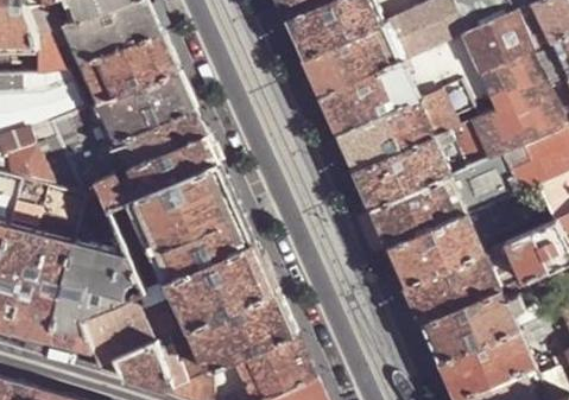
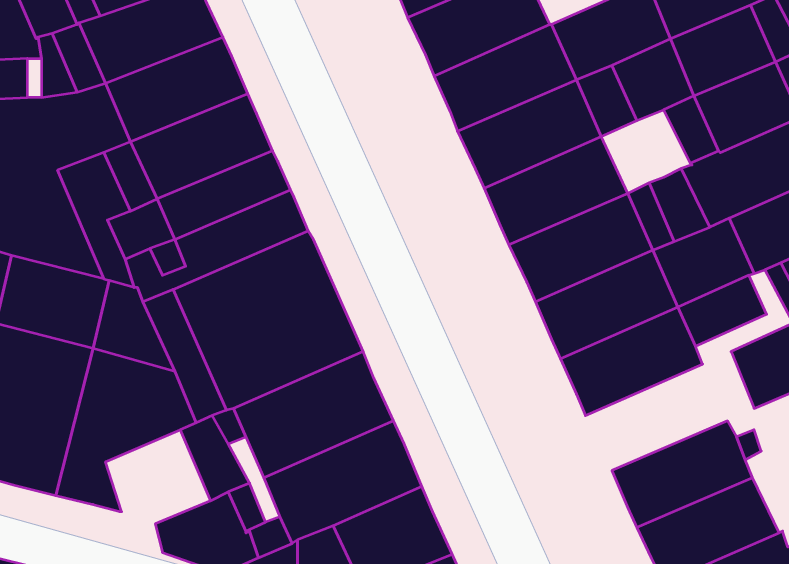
building: [413,90,455,139] -> none
building: [403,253,498,324] -> none
building: [82,297,152,379] -> none

